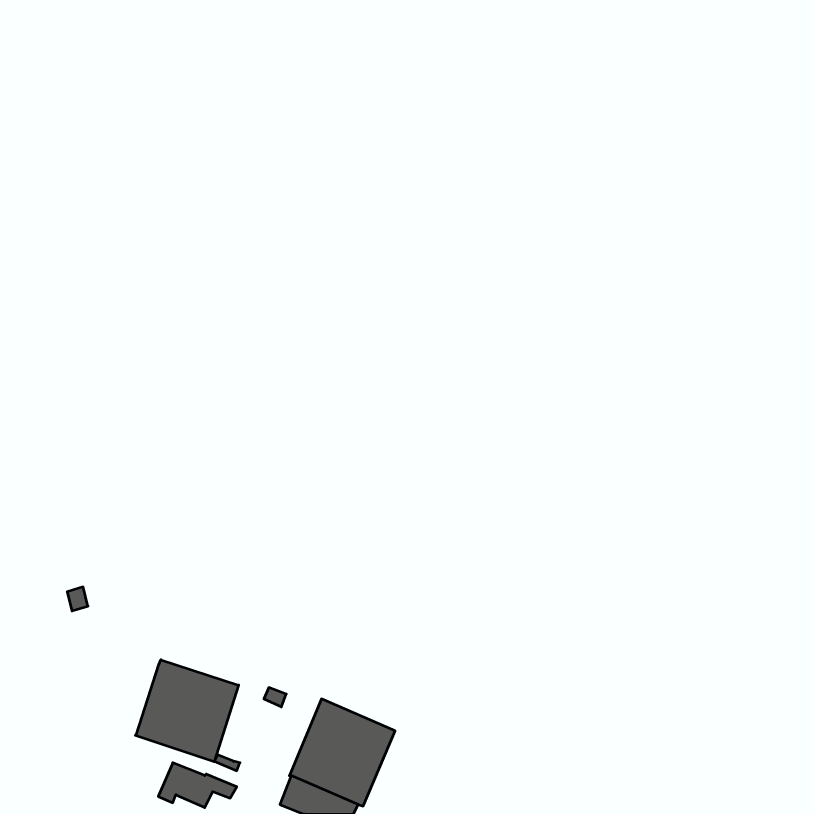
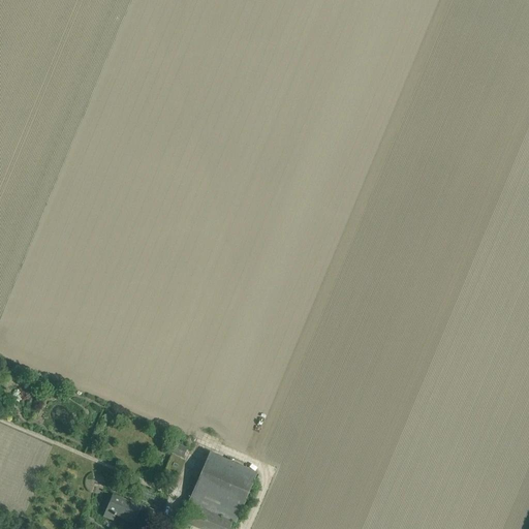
building: [135,660,239,762] -> none

